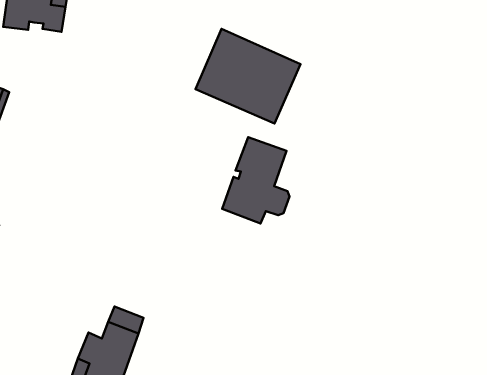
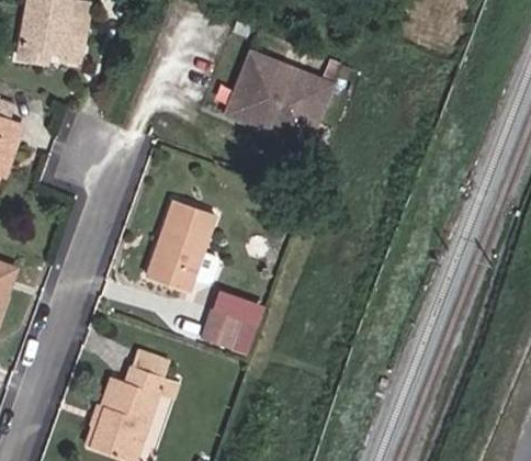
building: [222,137,290,224] -> [146,200,217,291]
building: none -> [201,305,242,346]

